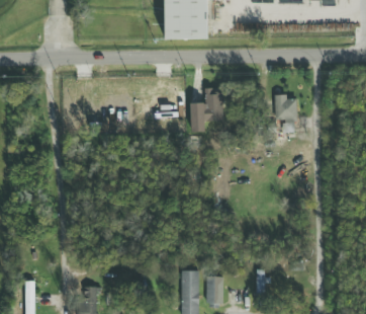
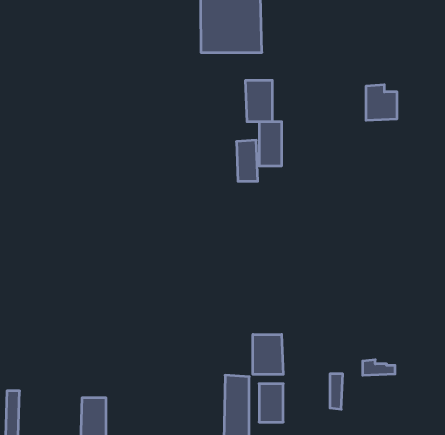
building: none -> [246,80,272,122]
building: [275,94,297,120] -> [366,85,397,120]
building: none -> [253,334,283,374]

